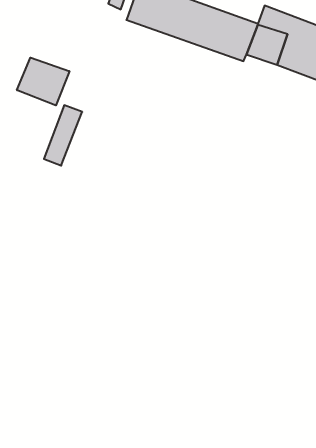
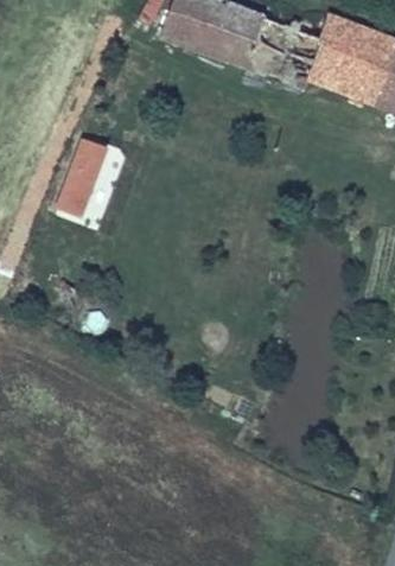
building: [17,58,69,105] -> none

